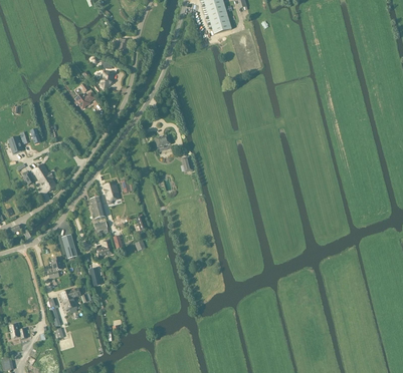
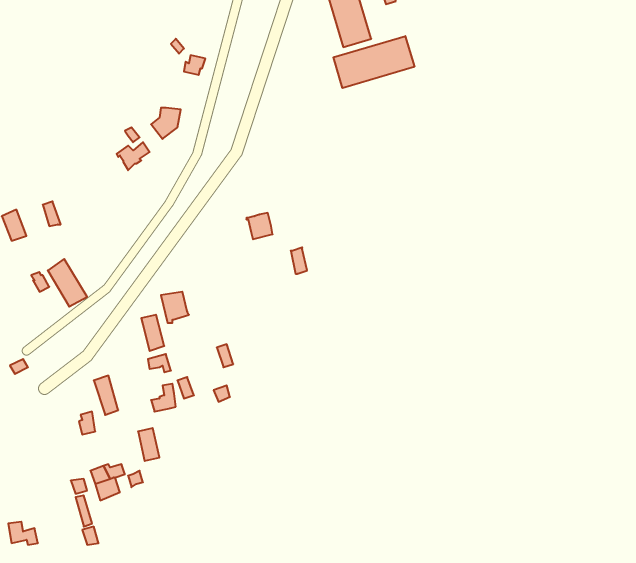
building: none -> [333,36,414,88]

